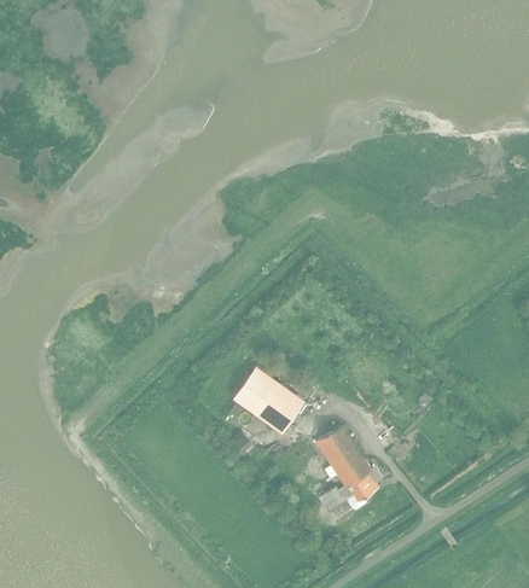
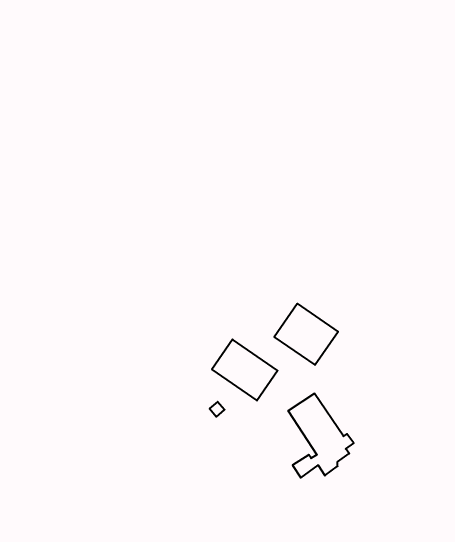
building: none -> [274,304,338,365]

